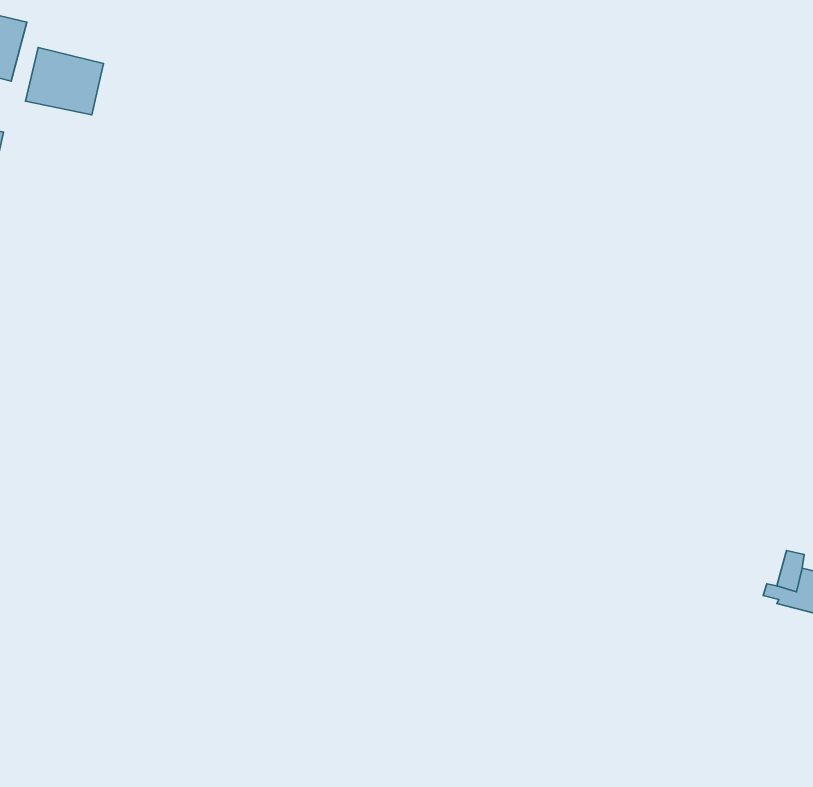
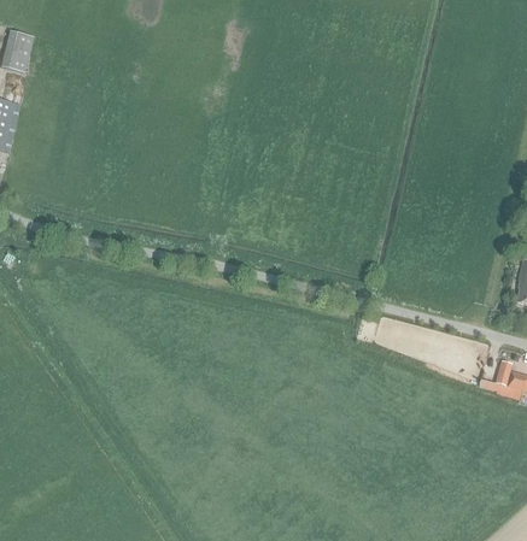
building: [25,48,103,115] -> none

